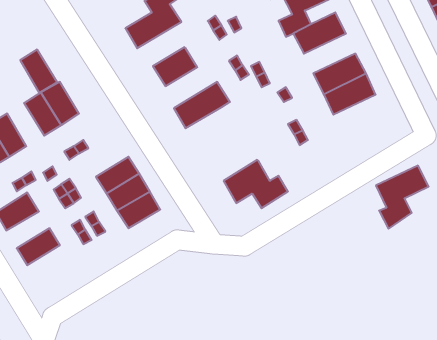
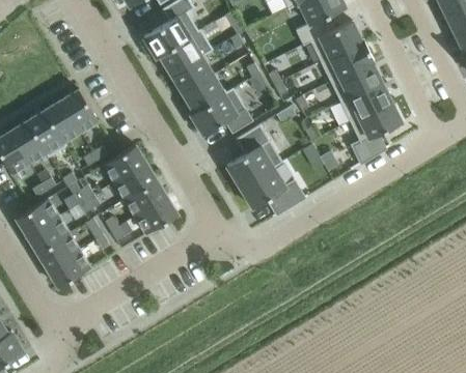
building: none -> [156,31,212,75]
building: none -> [319,41,372,82]
building: [20,50,57,93] -> [27,111,63,153]
building: none -> [183,76,234,116]
building: none -> [226,125,282,188]
building: none -> [104,146,146,183]
building: [376,166,429,229] -> [348,103,400,165]
building: none -> [26,218,68,254]
building: none -> [47,251,89,288]

